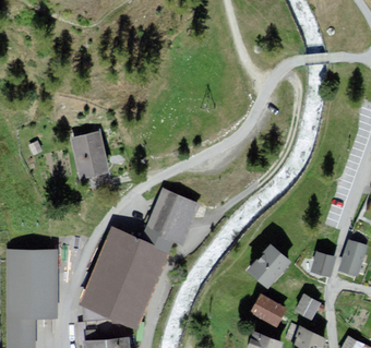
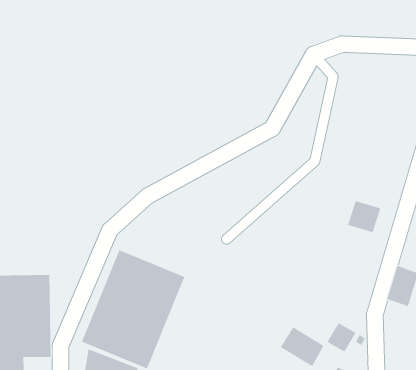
building: [70,133,109,181] -> none
building: [142,184,194,240] -> none
building: [246,242,290,288] -> none
building: [307,250,335,277] -> [347,200,381,233]

